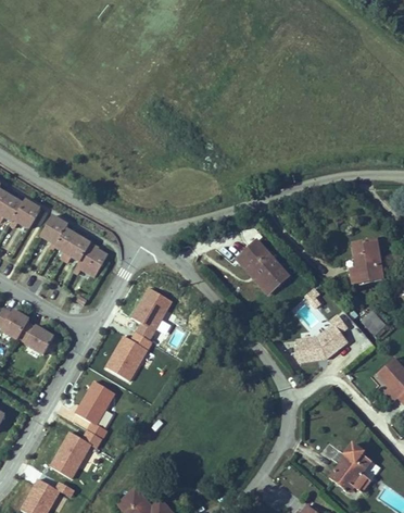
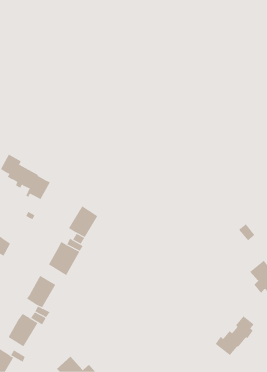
building: [233,238,291,297] -> none
building: [350,239,386,286] -> none
building: [295,312,350,361] -> none

